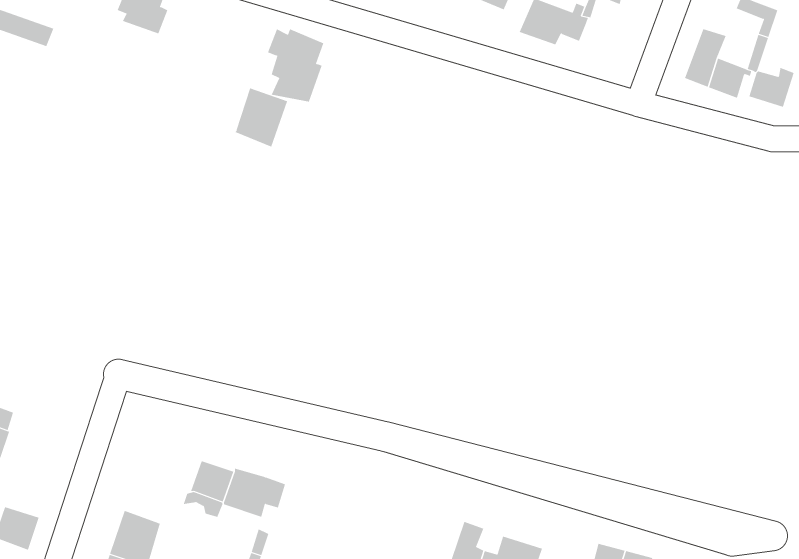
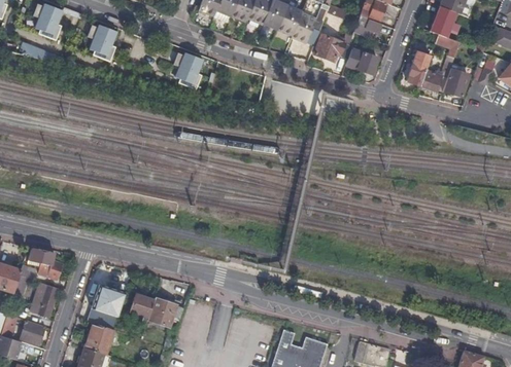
building: none -> [346,49,378,74]
building: [235,87,288,148] -> none
building: none -> [29,249,63,279]
building: none -> [30,282,58,317]
building: none -> [88,284,124,329]

